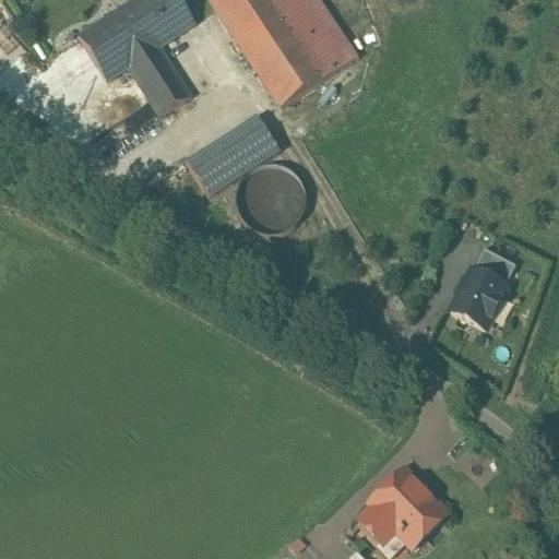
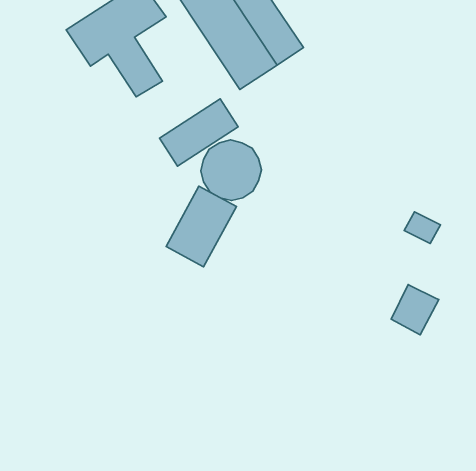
building: none -> [166,186,236,267]
building: [452,269,508,328] -> [391,285,439,335]
building: [359,467,448,545] -> none

